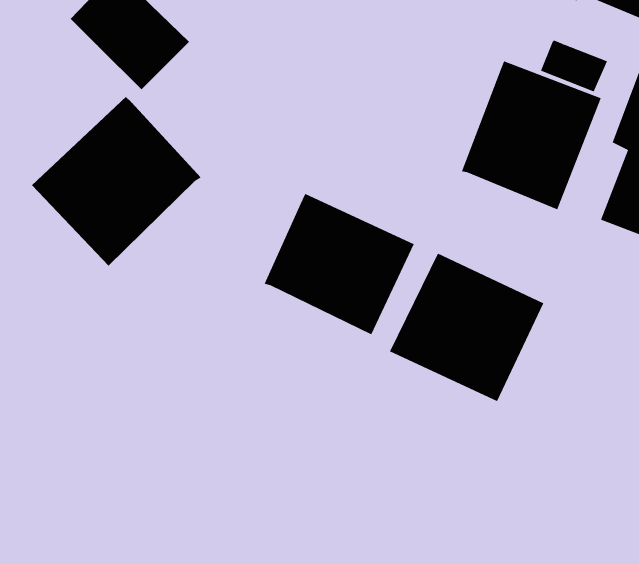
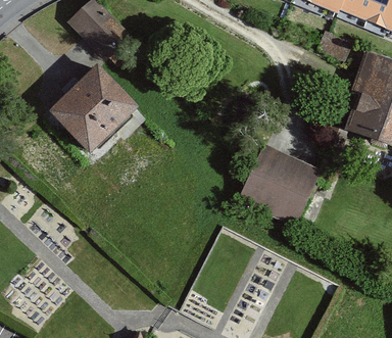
building: [461,61,602,210] -> none
building: [264,193,414,335] -> none

